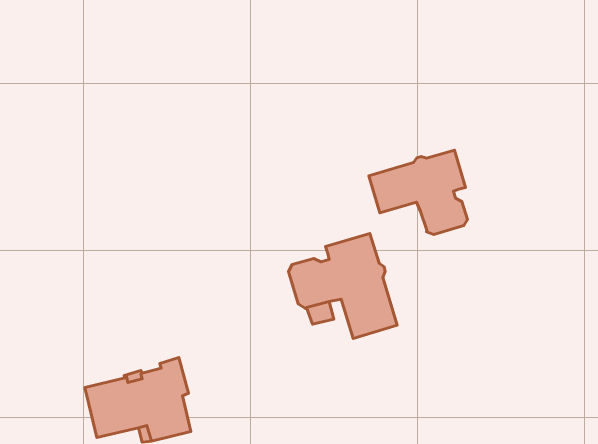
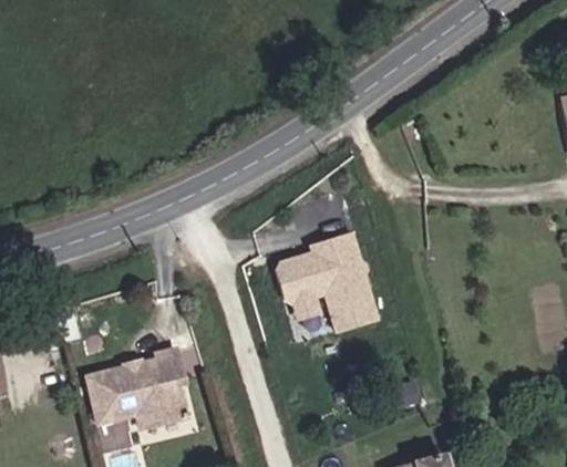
building: [369,150,468,234] -> none

